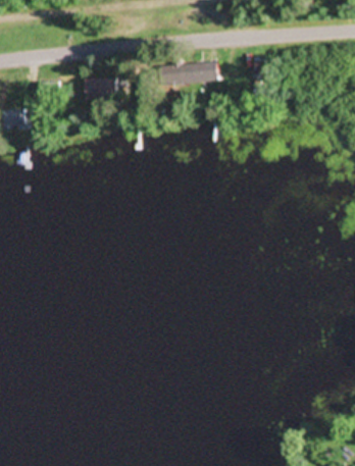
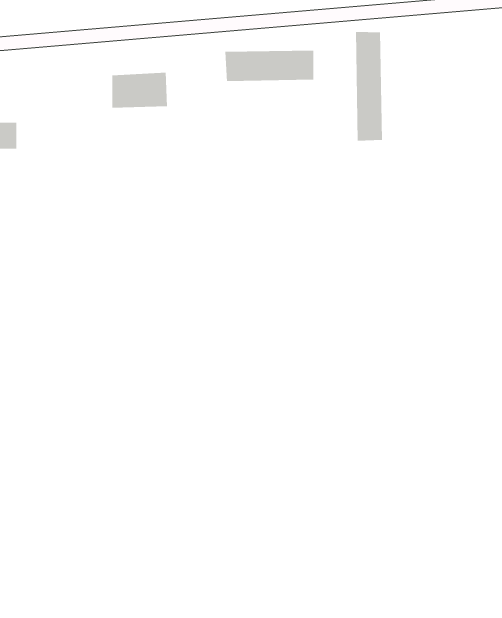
building: none -> [355,31,382,141]

